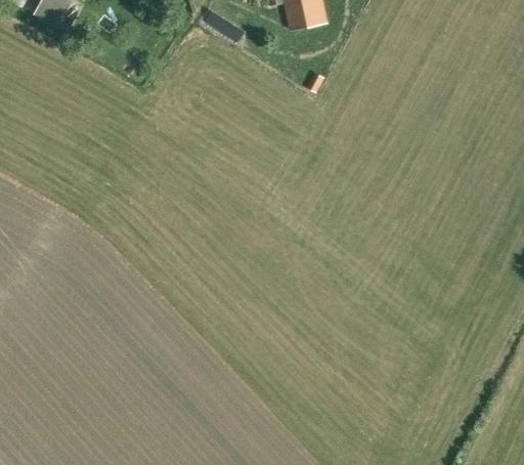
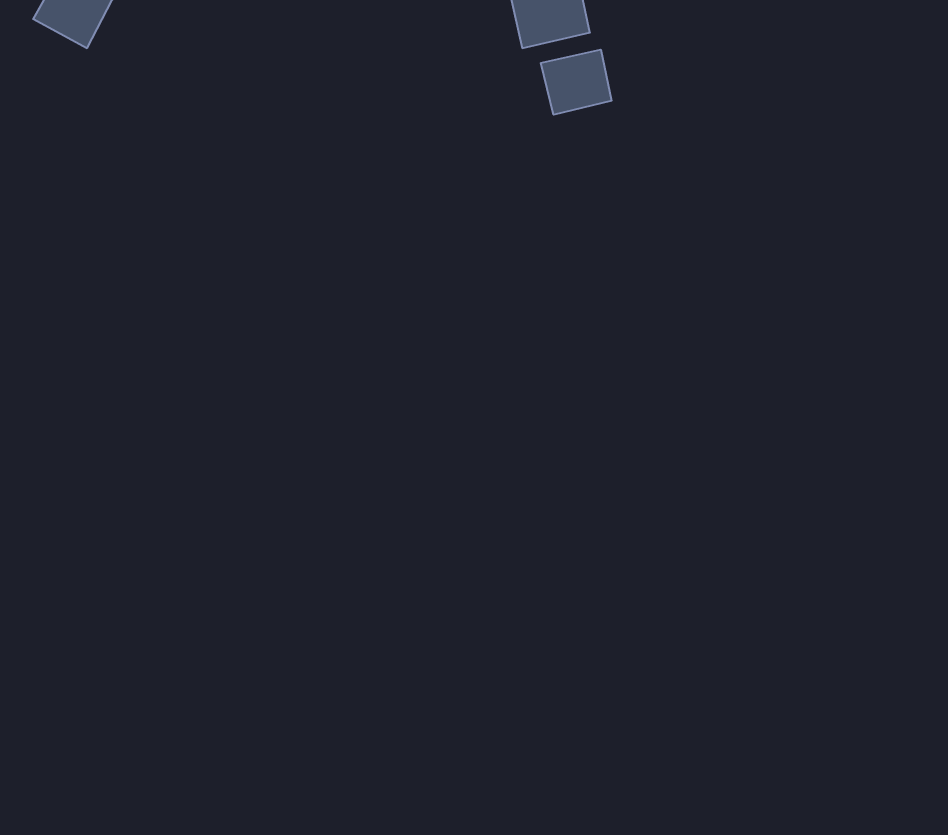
building: none -> [541,50,612,115]

